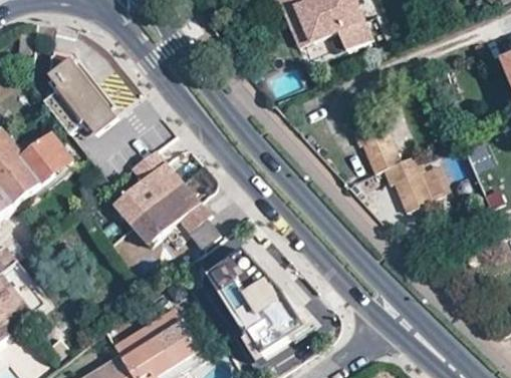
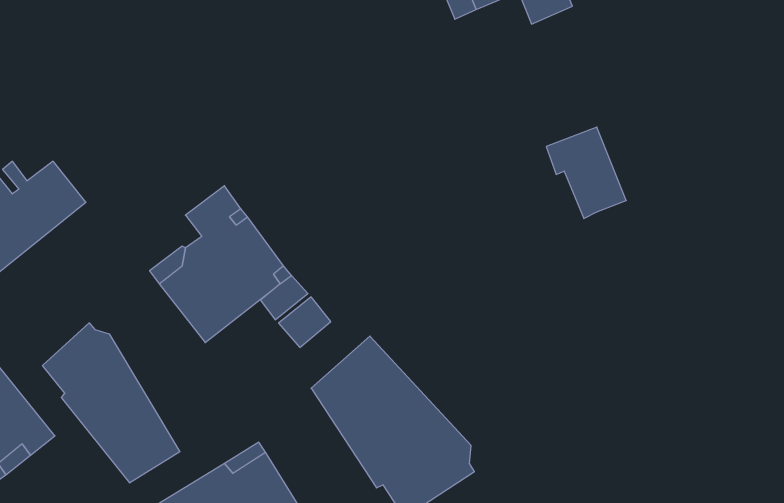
building: [40,55,120,139] -> none
building: [382,155,433,212] -> none
building: none -> [43,323,180,483]

